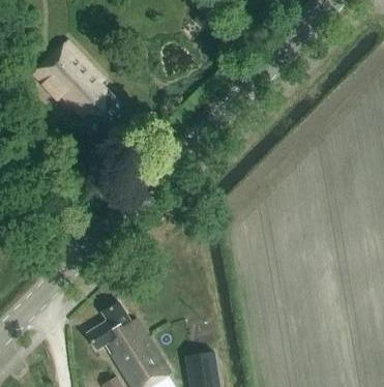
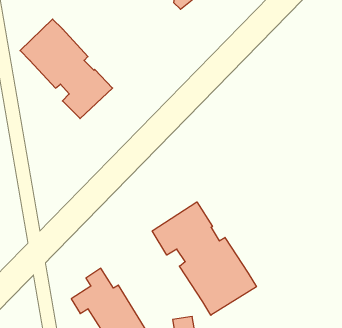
building: none -> [152,202,256,315]

